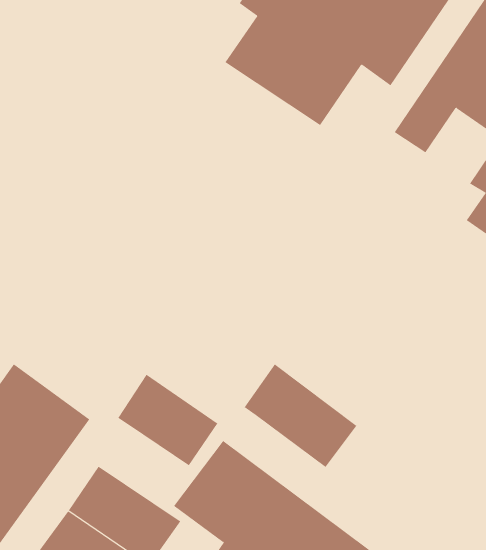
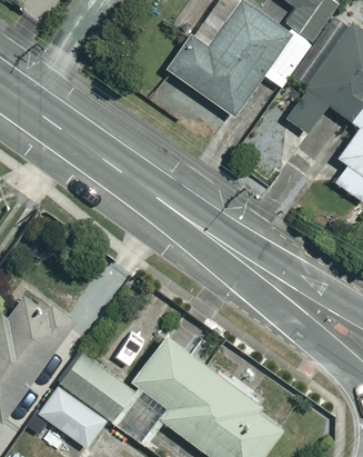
building: [244,363,357,468] -> none
building: [118,374,218,466] -> none

